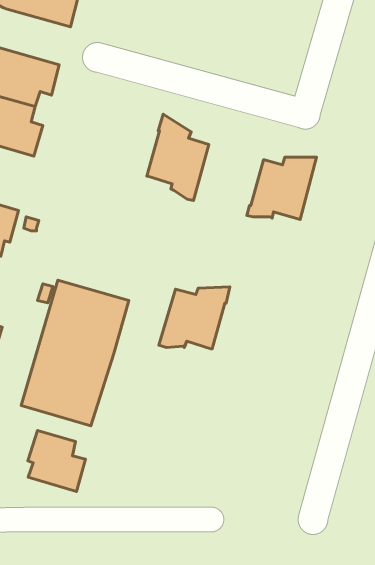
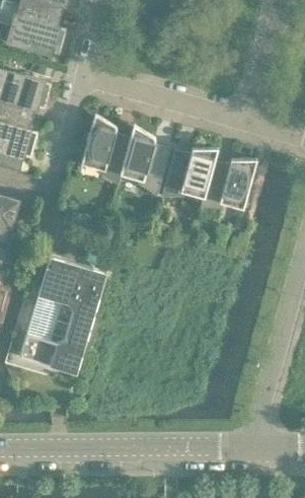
building: none -> [80,114,130,183]
building: [159,287,230,349] -> [160,148,217,198]
building: [28,430,85,491] -> none

